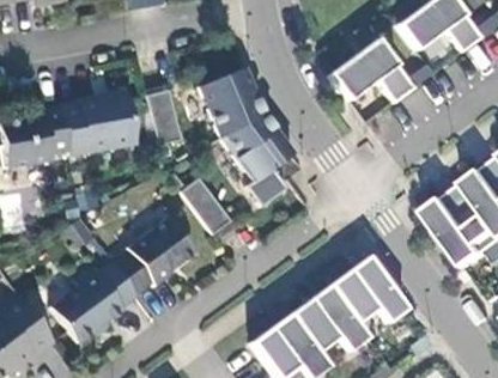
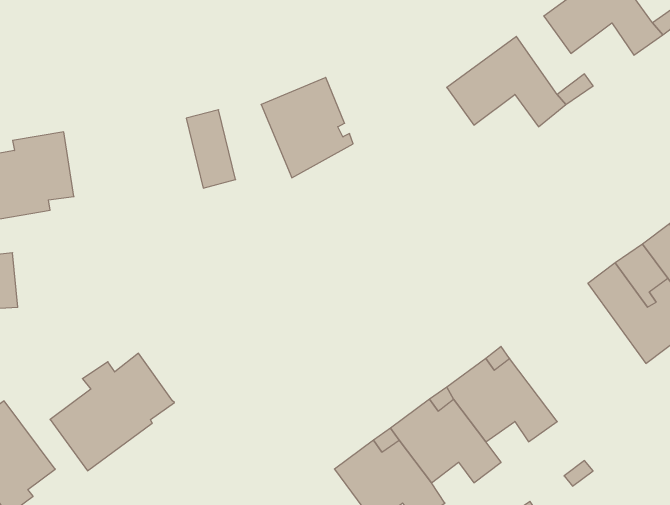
building: [61,93,136,156] -> none
building: [221,114,294,183] -> none
building: [182,177,232,234] -> none
building: [113,218,194,294] -> none

